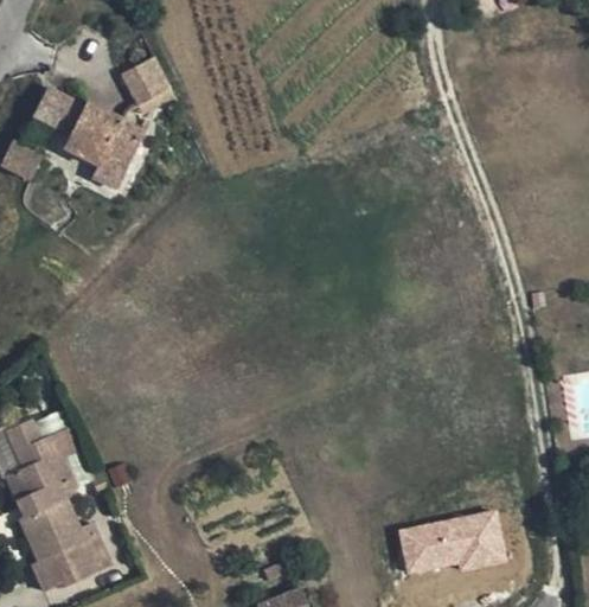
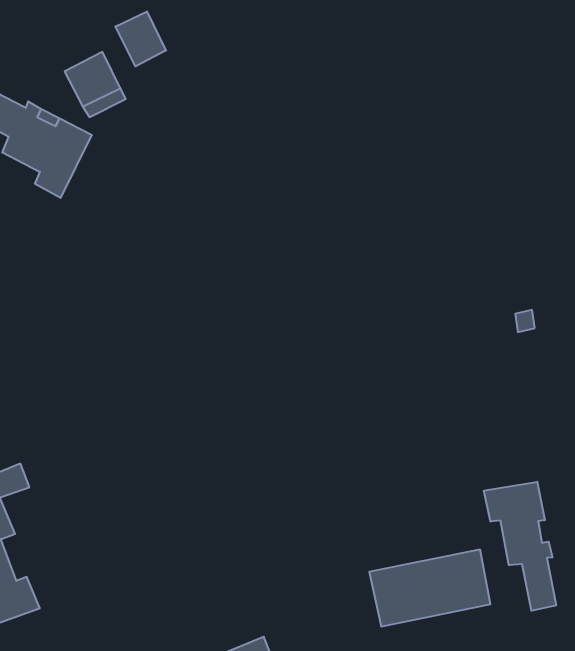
building: none -> [115,11,166,66]
building: none -> [484,482,556,611]

